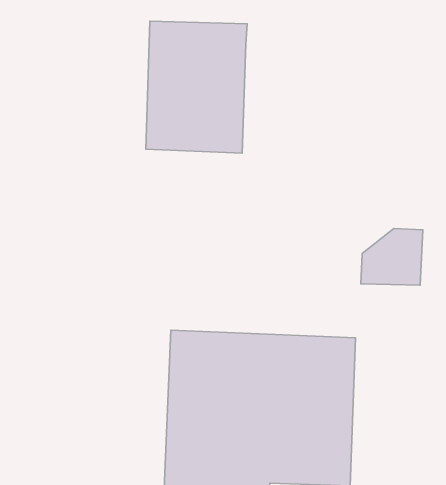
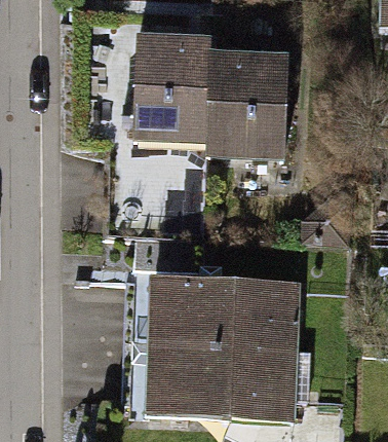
building: none -> [208,54,288,157]

